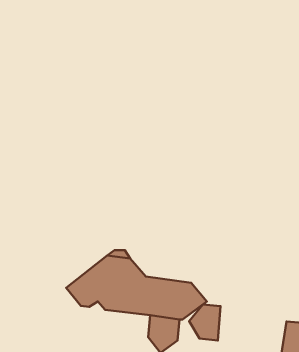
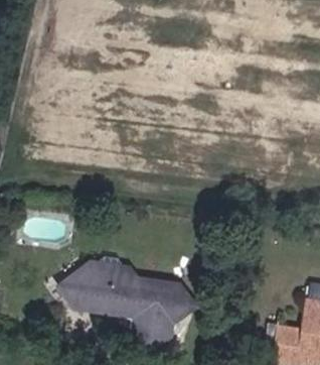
building: [189,304,220,341] -> none

